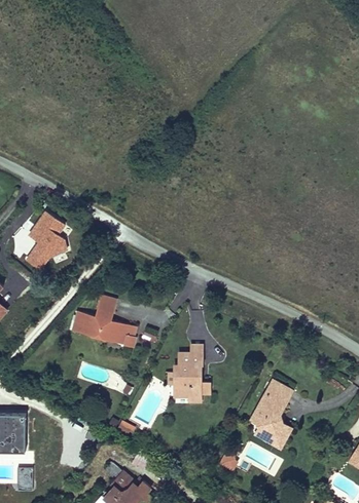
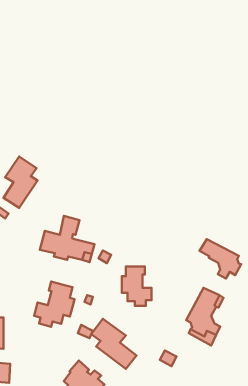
building: none -> [200,239,241,279]
building: none -> [34,282,75,327]
building: none -> [91,319,137,369]

